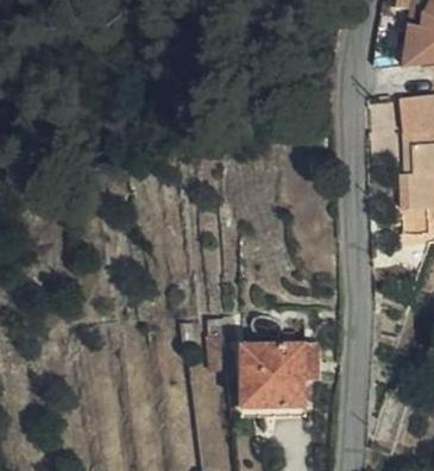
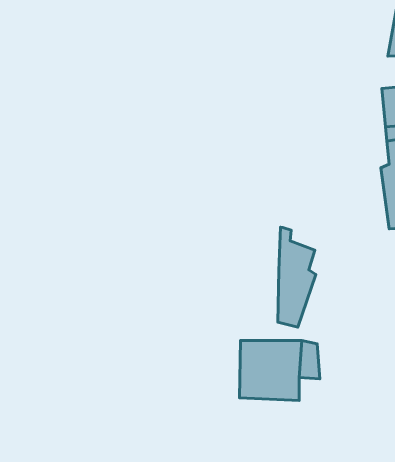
building: none -> [278,227,316,327]

